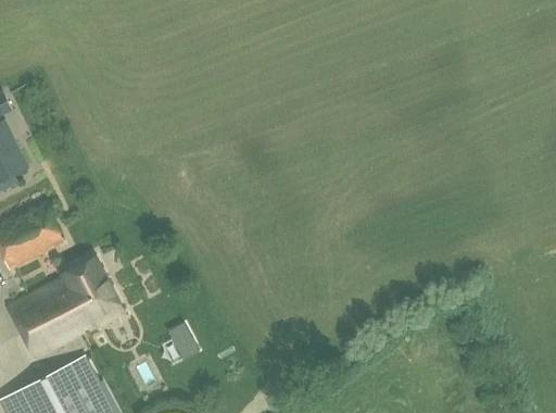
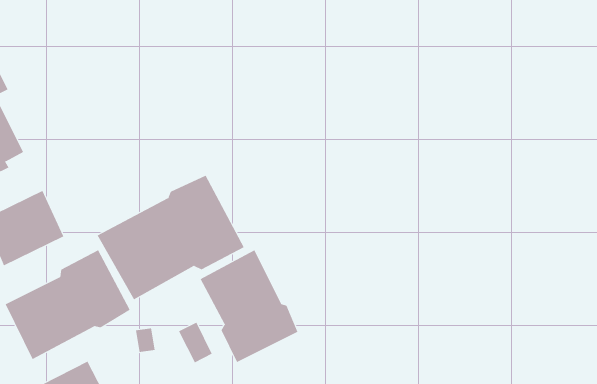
building: none -> [97,175,244,300]
building: none -> [200,250,298,363]

